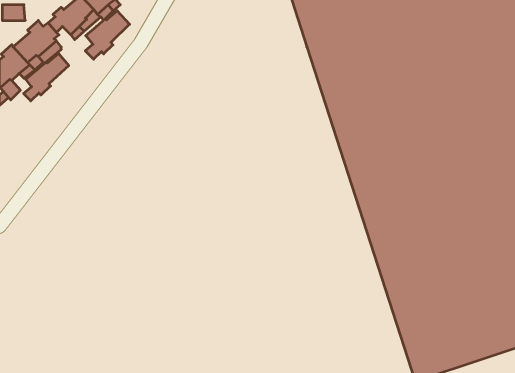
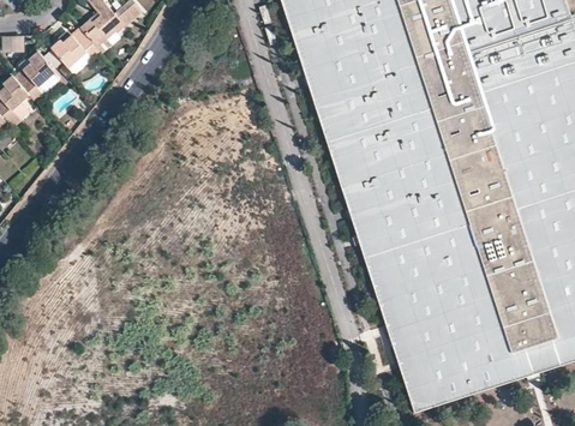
building: [85,11,130,59] -> none
building: [24,54,69,101] -> none

